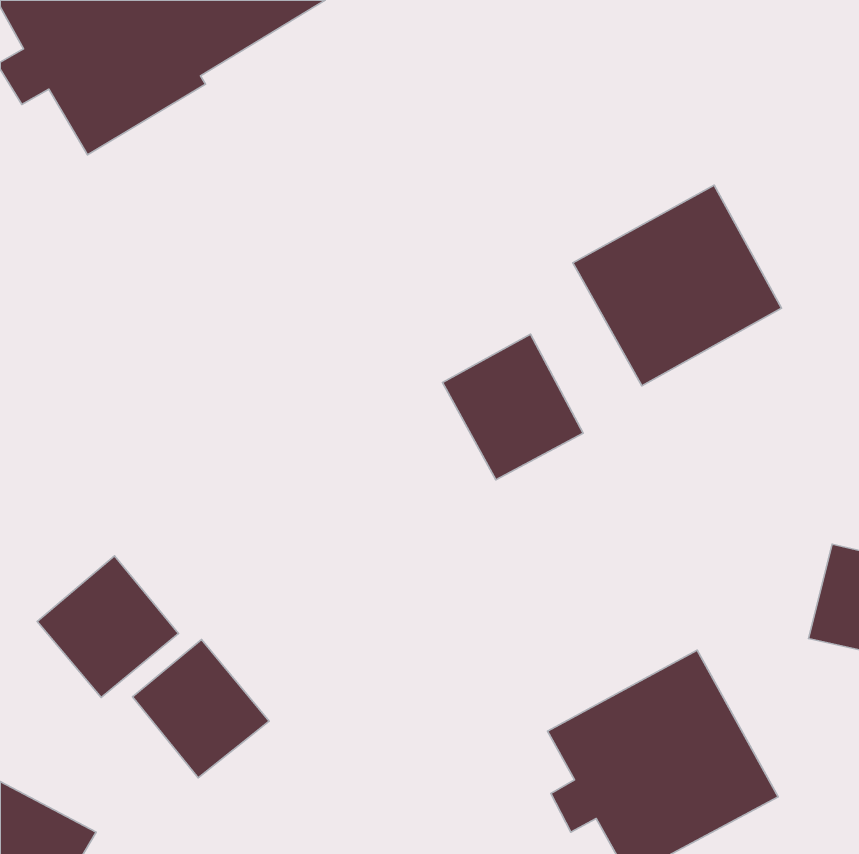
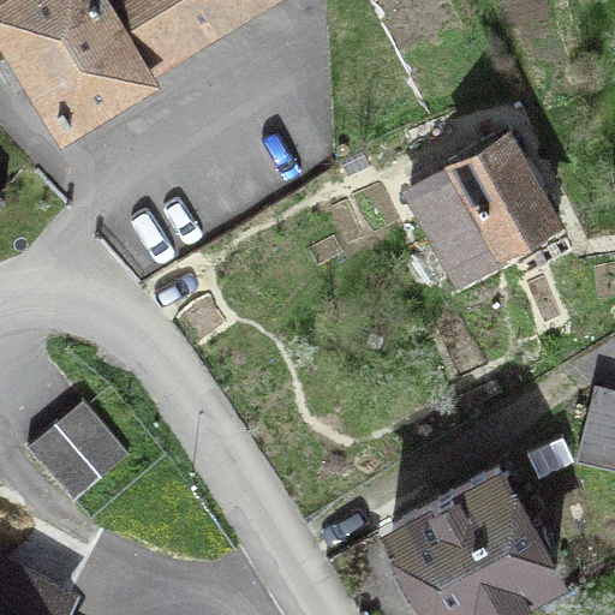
building: [442,334,583,480] -> none
building: [132,640,269,778] -> none

